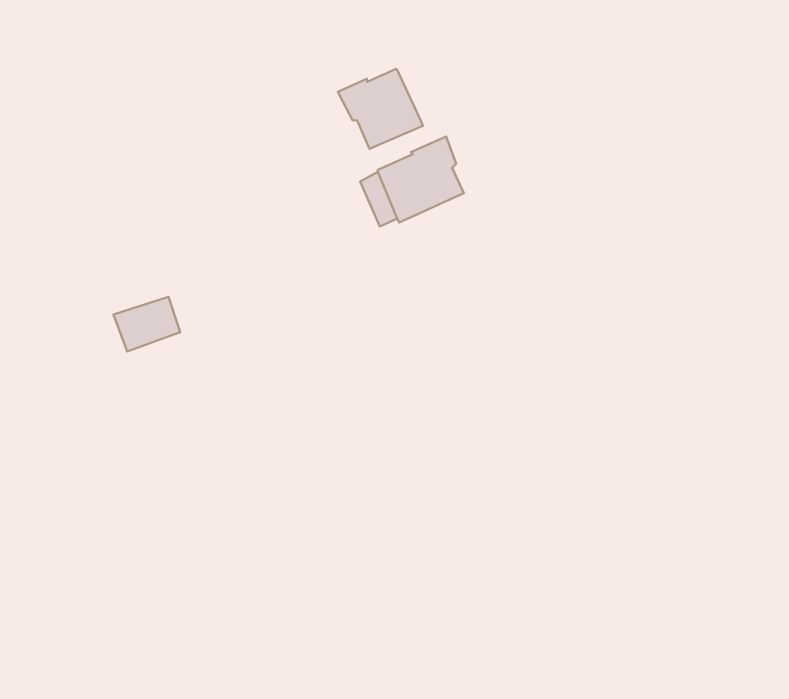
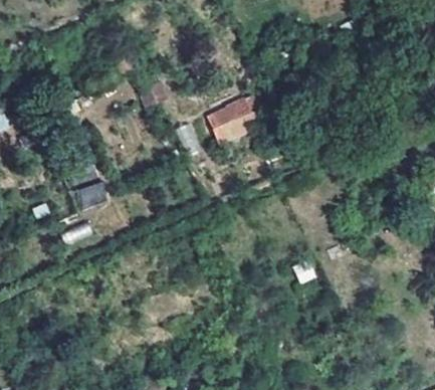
building: [338,69,423,149] -> none

